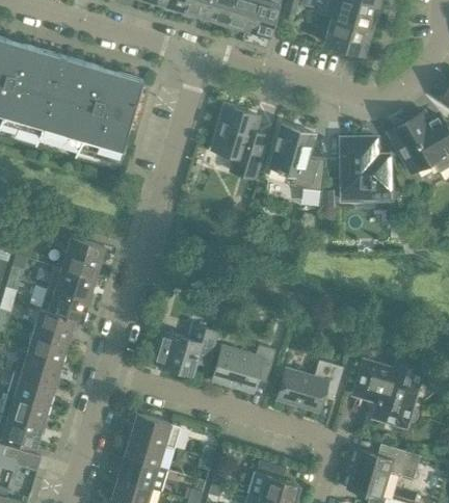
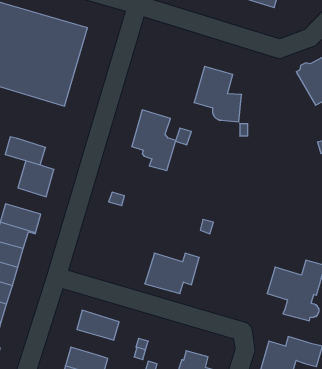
building: [213,106,265,178] -> [132,110,176,170]
building: [341,137,391,201] -> none
building: [47,266,95,299] -> [5,137,46,165]
building: [152,324,217,374] -> none
building: [276,361,344,412] -> none
building: [124,435,164,467] -> none

